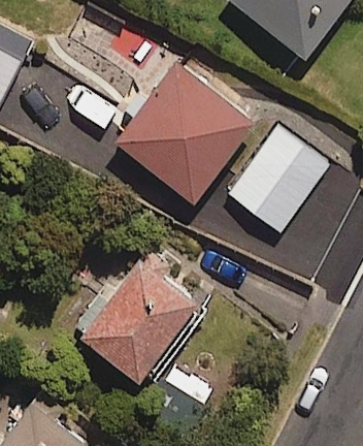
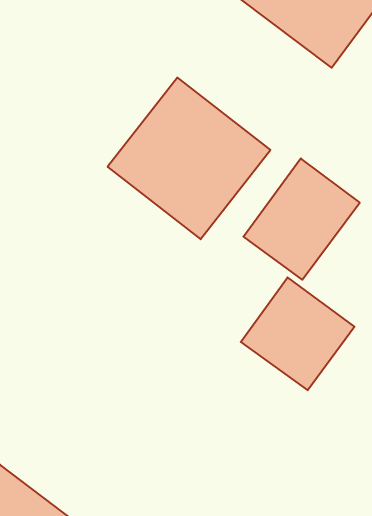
building: none -> [241,277,354,390]
building: [77,250,197,373] -> none

